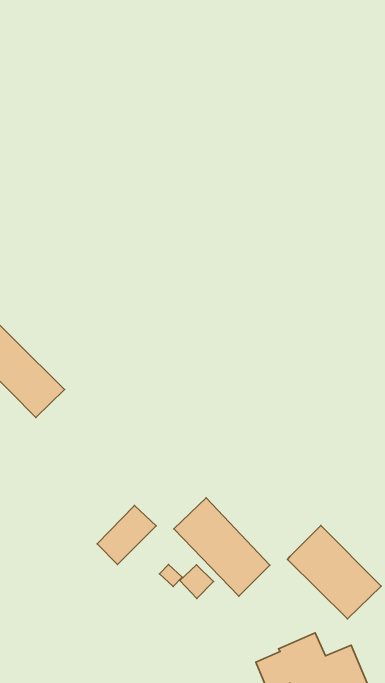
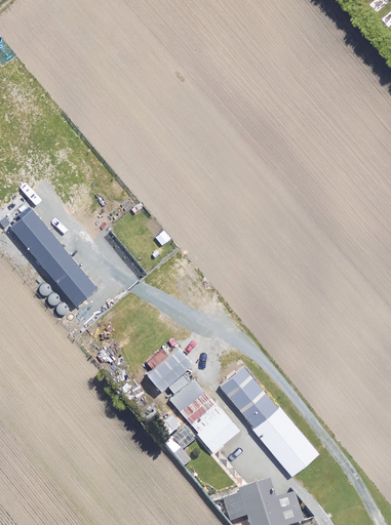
building: none -> [219,365,277,426]
building: [97,505,156,565] -> [147,347,191,389]

